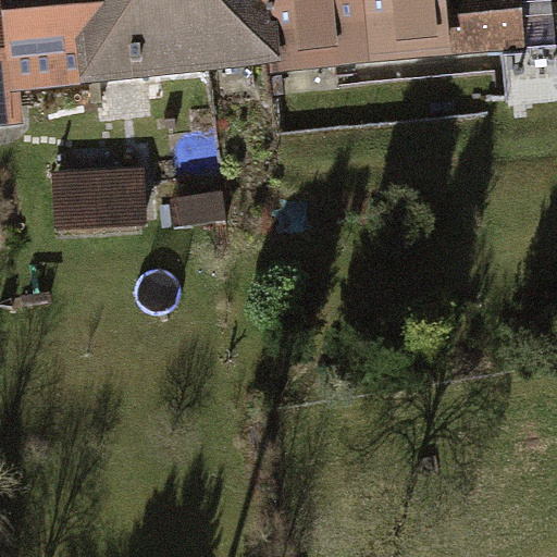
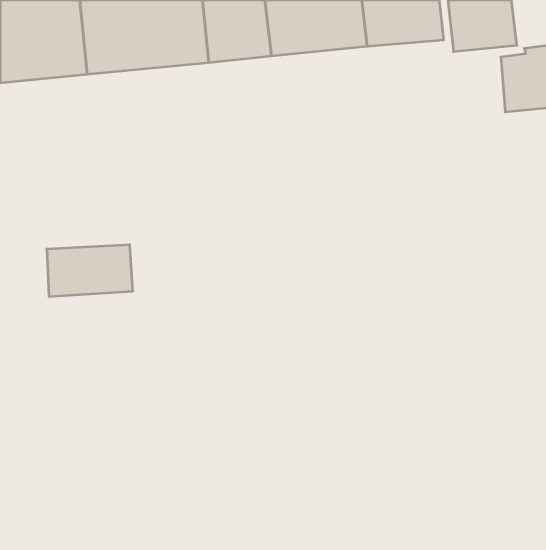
building: [63,174,150,226] -> [47,245,133,296]

